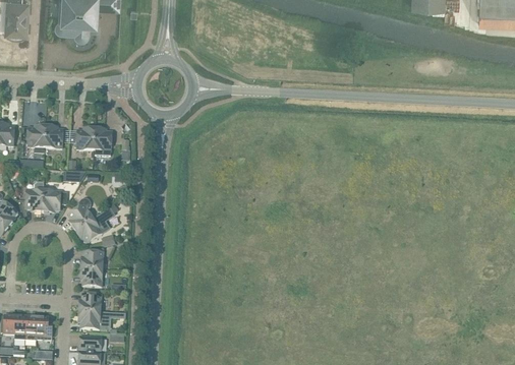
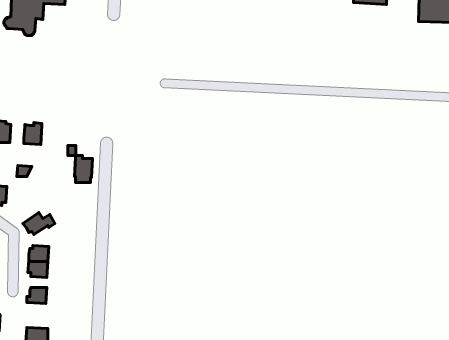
building: [94,129,112,157] -> [75,155,93,182]
building: [69,198,92,231] -> none
building: [79,311,109,330] -> none

